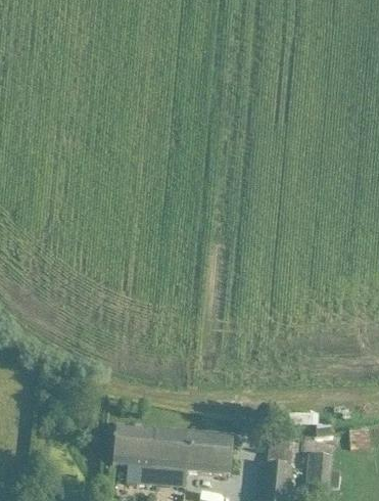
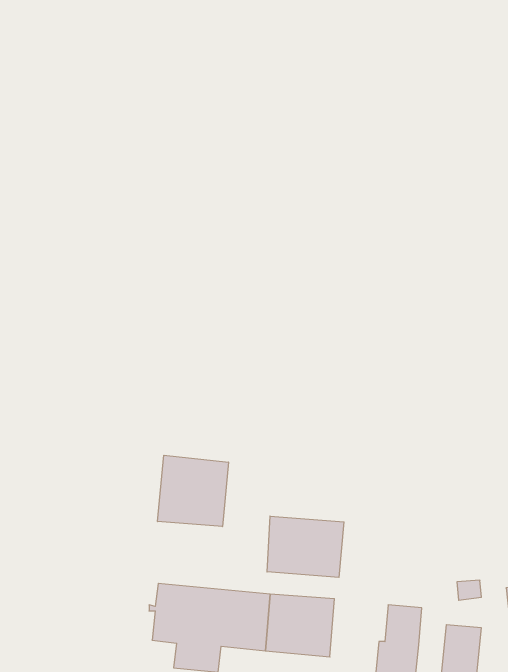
building: none -> [158,455,228,527]
building: none -> [267,516,344,577]

